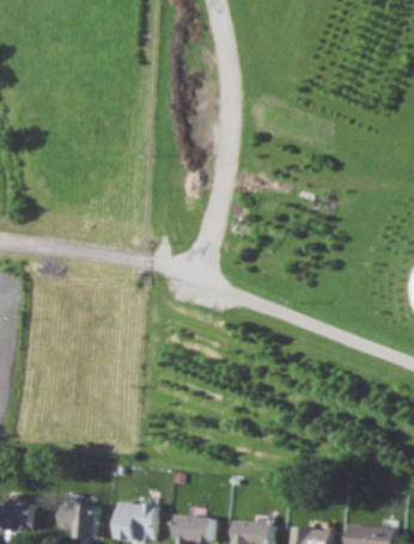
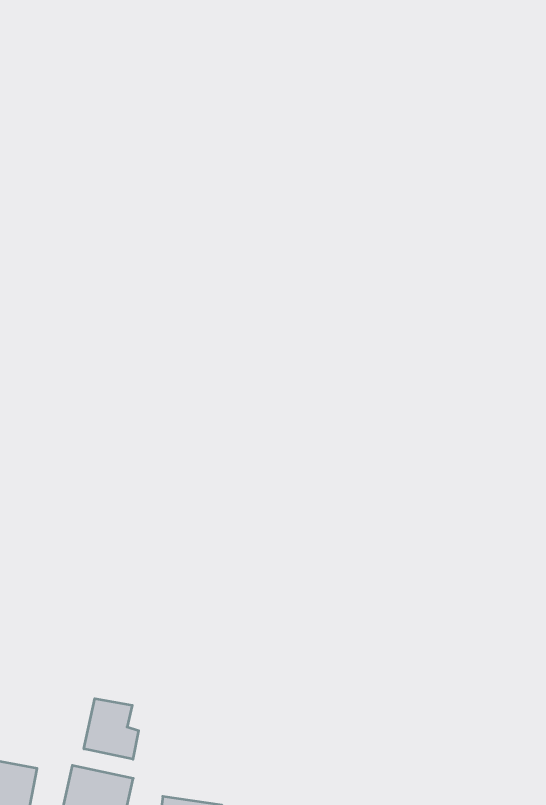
building: none -> [84,699,139,759]

